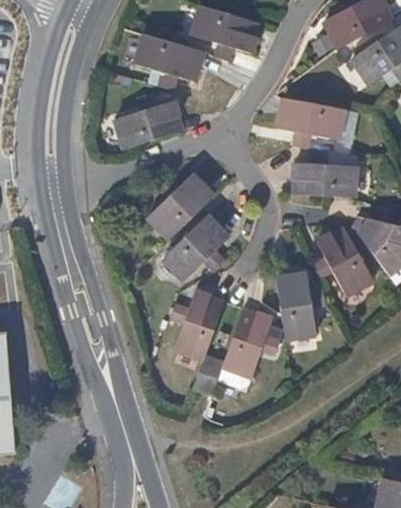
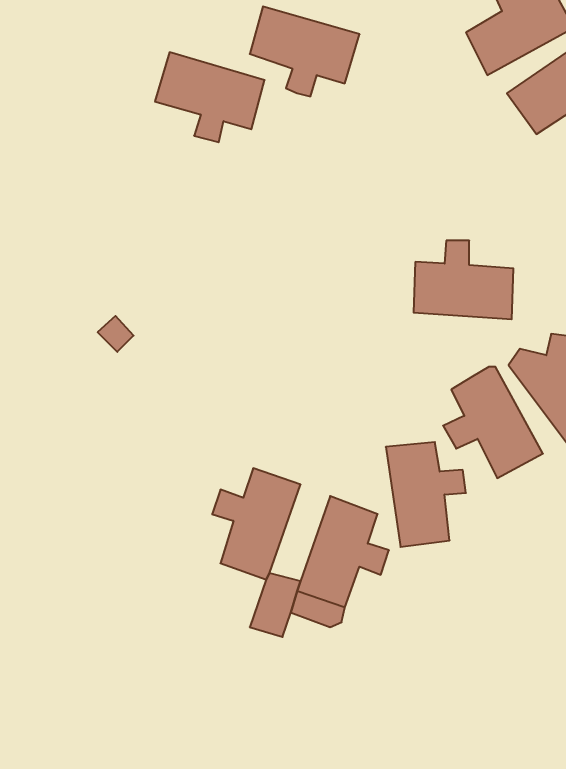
building: [116,92,184,147] -> none
building: [278,97,344,148] -> none
building: [149,175,212,238] -> none
building: [164,216,229,281] -> none

